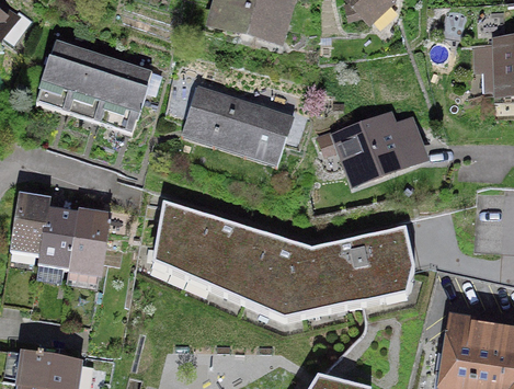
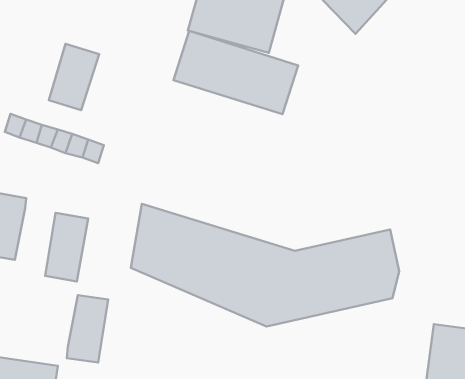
building: [41,34,89,99] -> none
building: [104,54,156,118] -> none
building: [181,91,302,172] -> [173,31,298,114]
building: [330,102,430,182] -> none
building: [38,204,79,270] -> [67,295,108,363]

